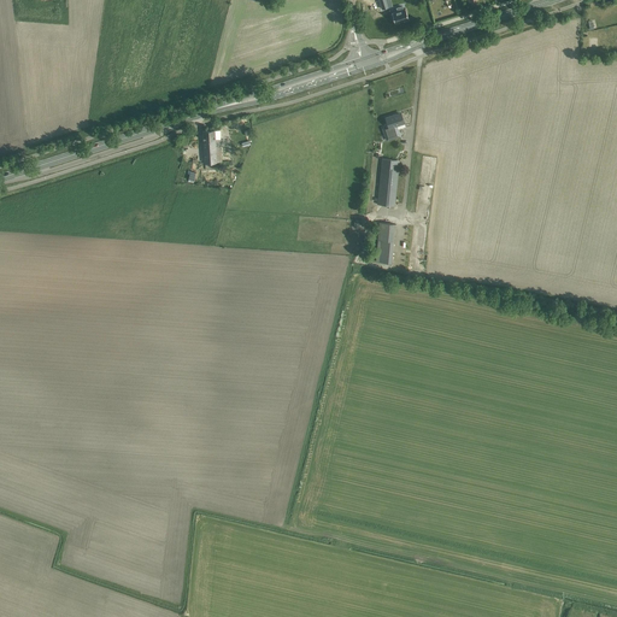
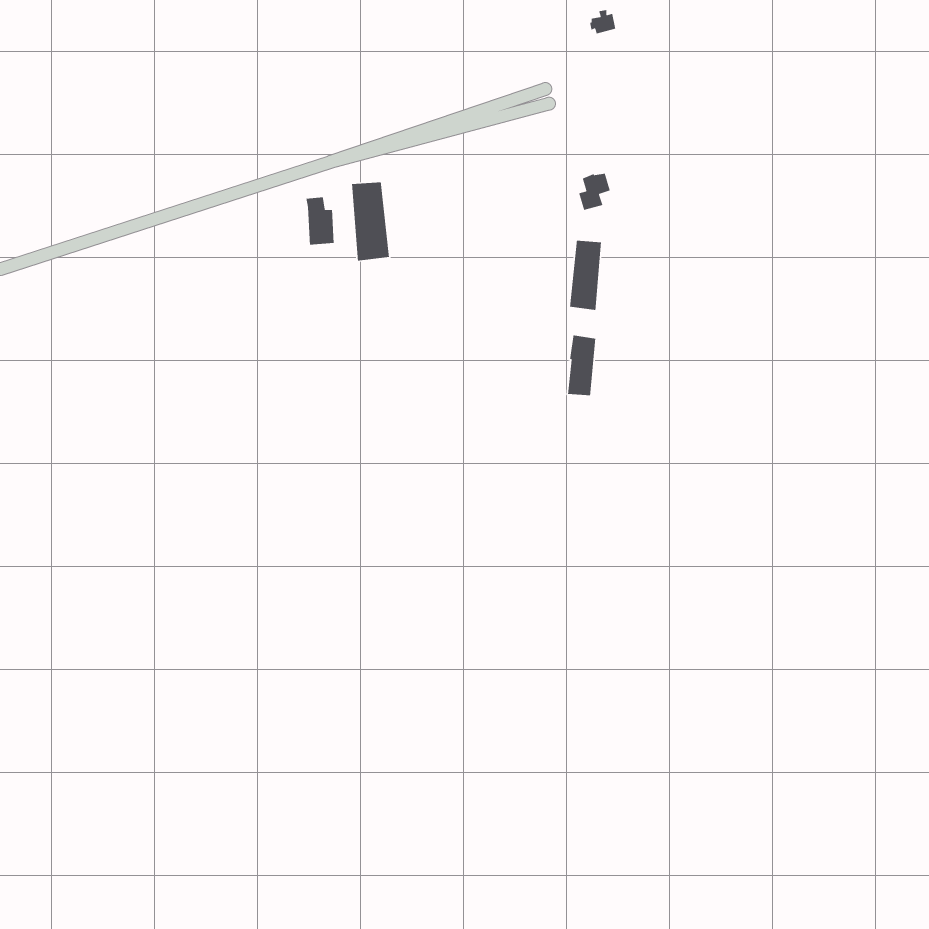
building: none -> [351,181,390,262]

